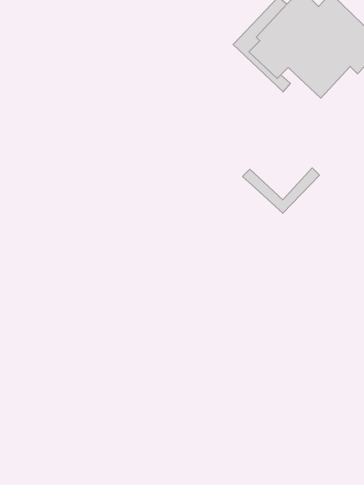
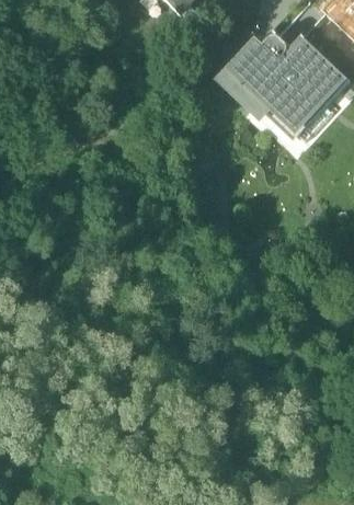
building: [243,168,319,213] -> [256,100,326,140]

